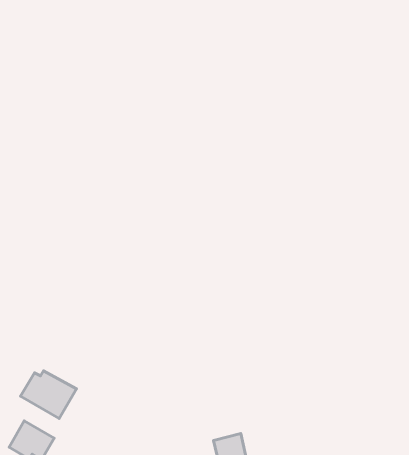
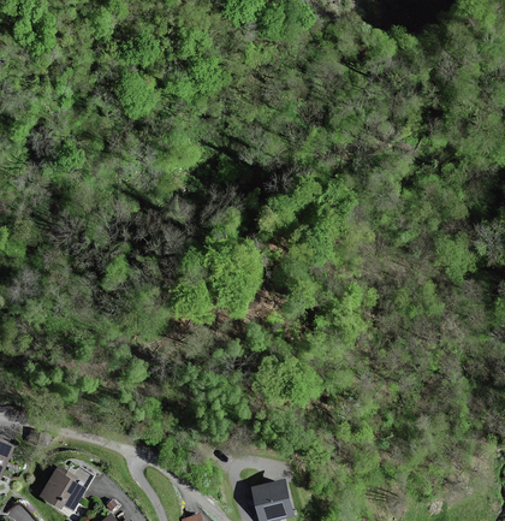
building: [20,371,76,418] -> none

